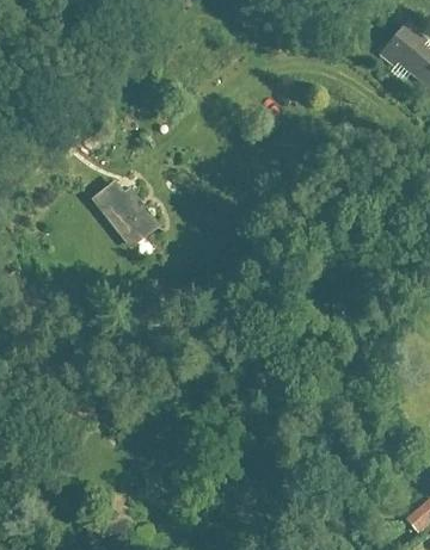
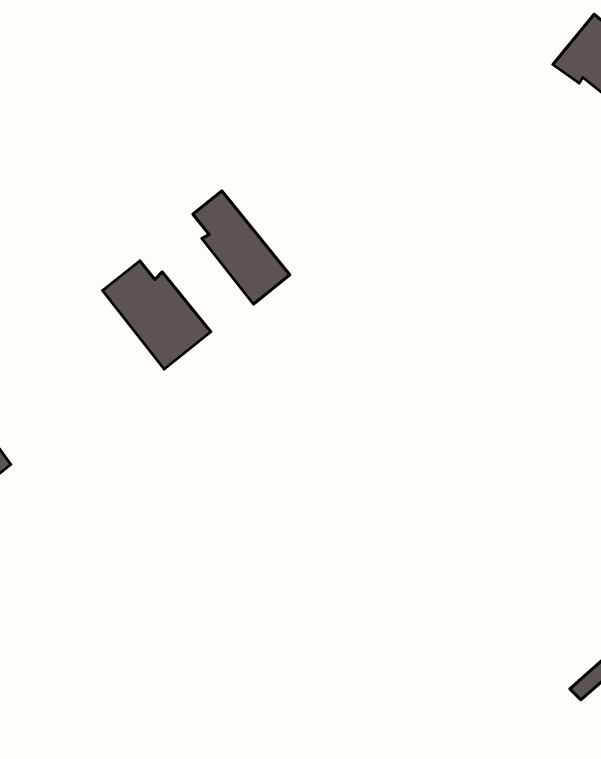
building: none -> [193,191,290,304]

